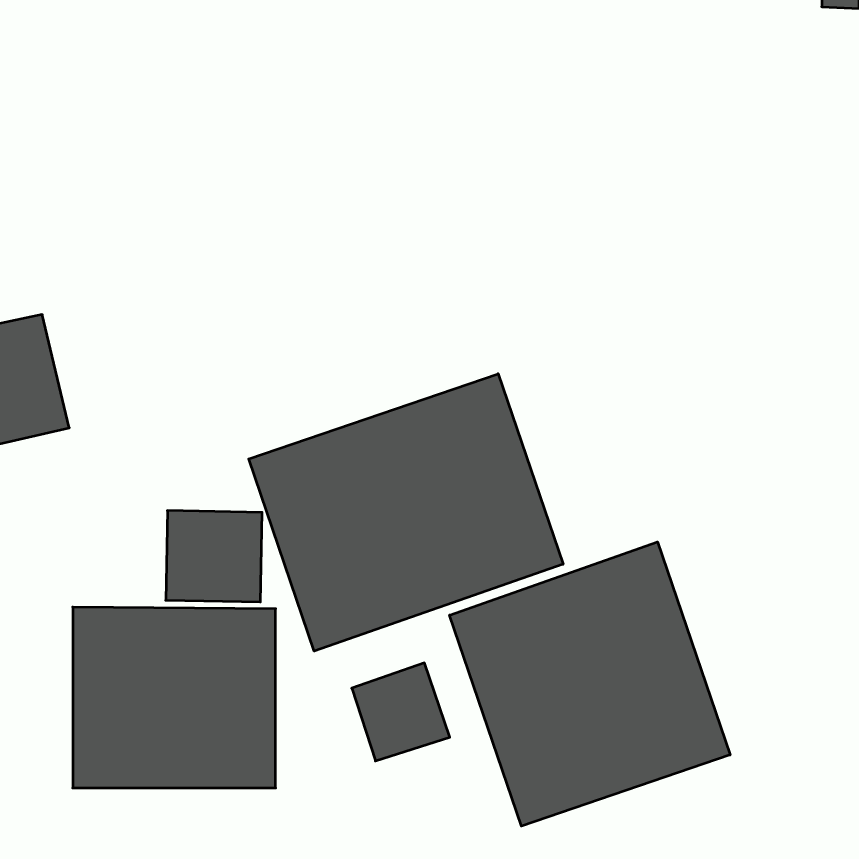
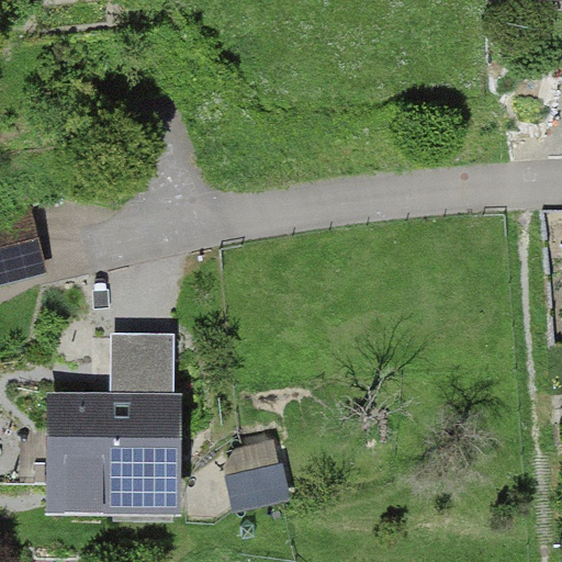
building: [249,374,563,651] -> none
building: [450,542,730,826] -> none

